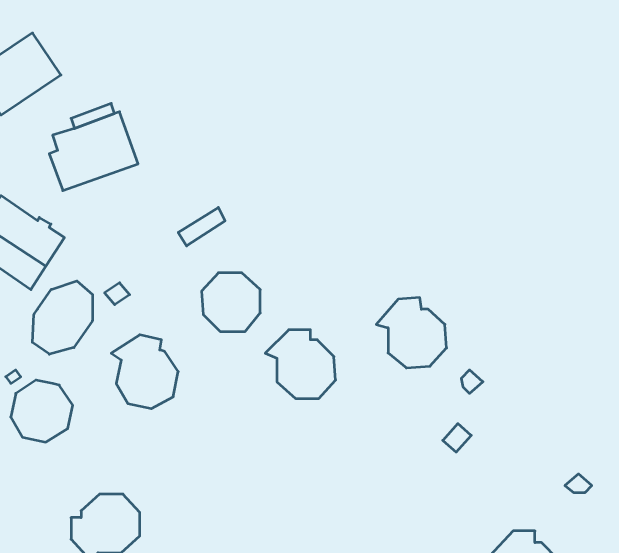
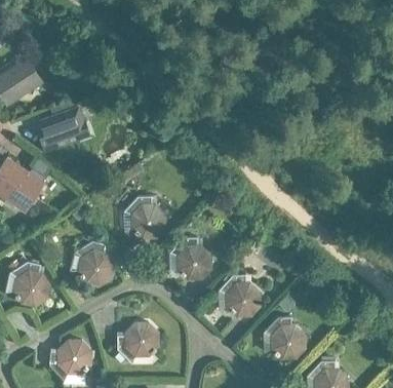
building: [32,281,93,354] -> none
building: [376,298,447,368] -> [218,274,261,317]
building: none -> [262,316,305,359]
building: none -> [116,320,158,363]

